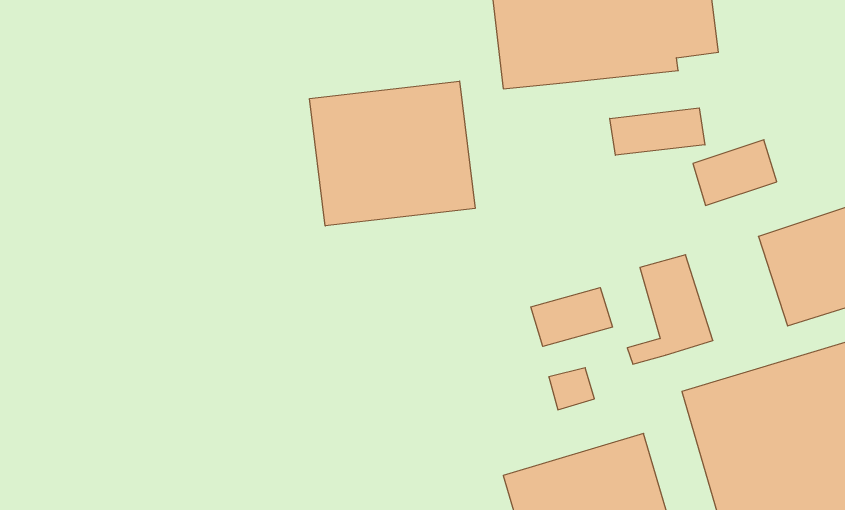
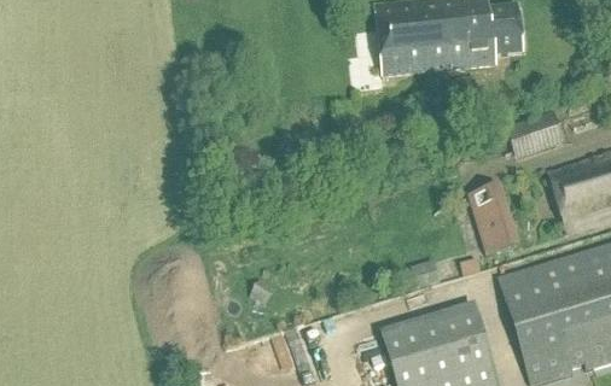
building: [310,81,475,226] -> none
building: [610,108,705,155] -> none
building: [531,288,612,346] -> none

